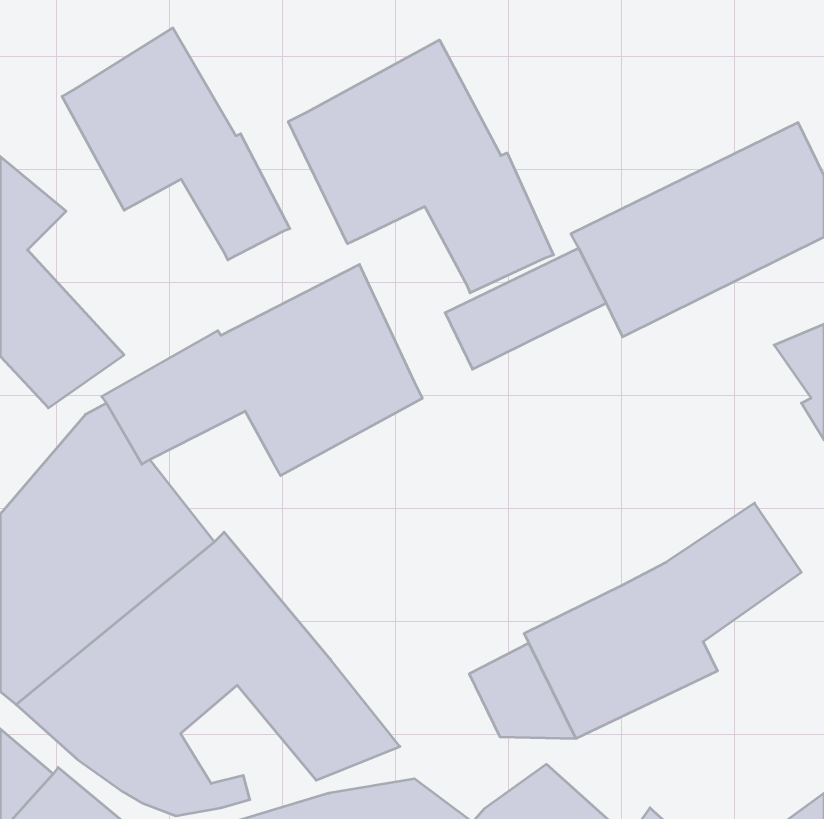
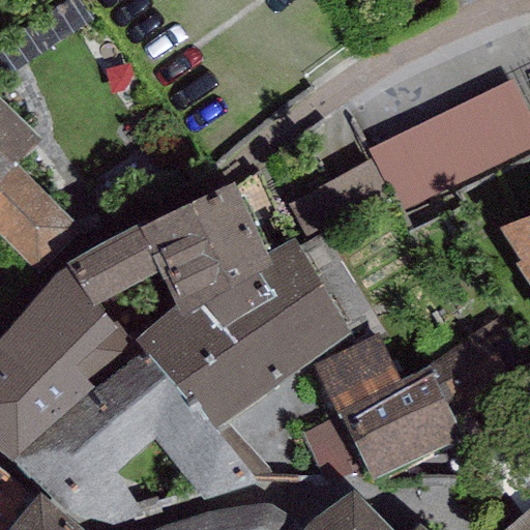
building: [62,28,290,260] -> none
building: [288,40,554,293] -> none
building: none -> [135,235,349,426]
building: none -> [315,331,400,410]

